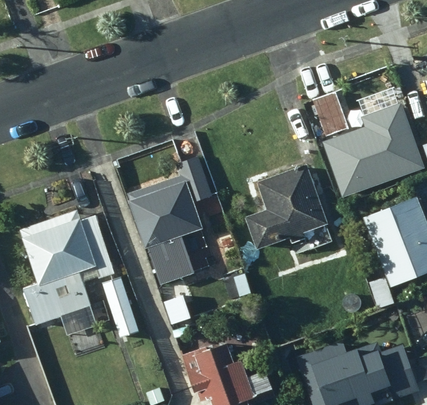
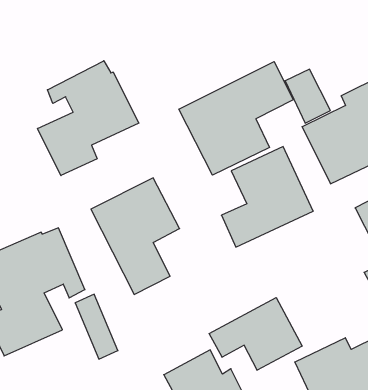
building: none -> [38,61,139,176]
building: none -> [179,62,293,175]
building: none -> [209,298,302,370]

